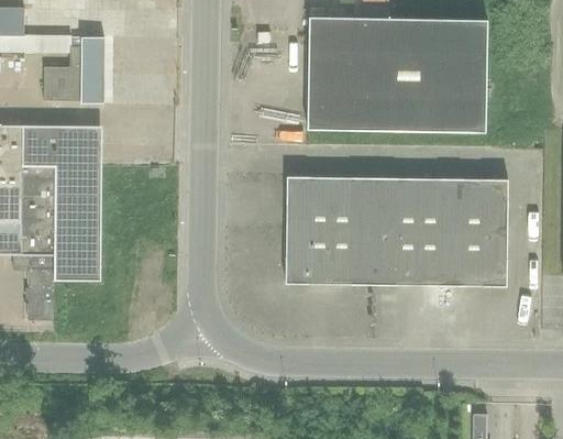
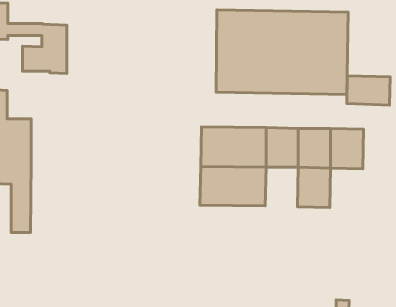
building: none -> [347,76,390,105]
building: [22,127,102,281] -> none
building: [374,231,419,285] -> none
building: [462,232,507,286] -> none

